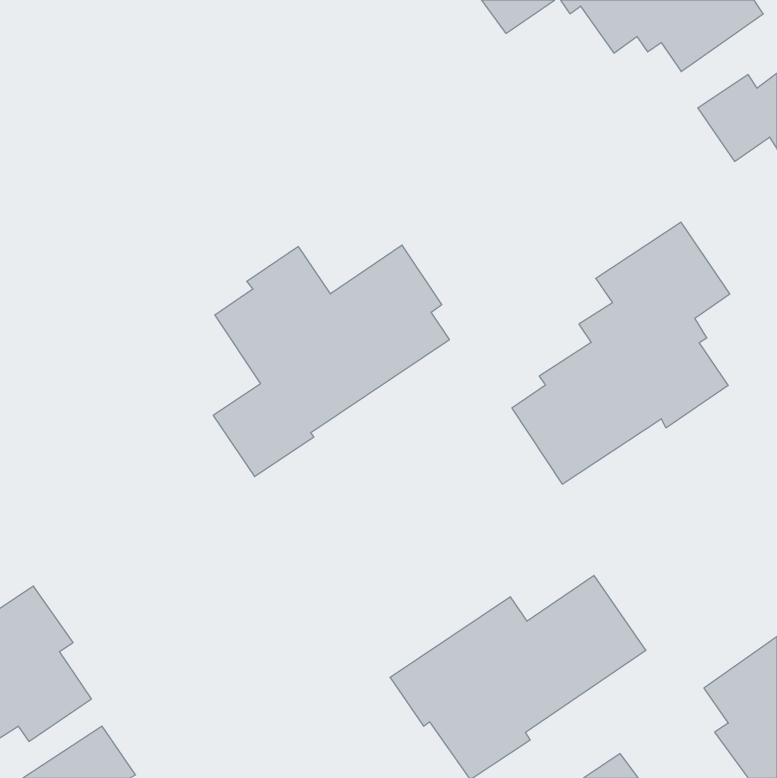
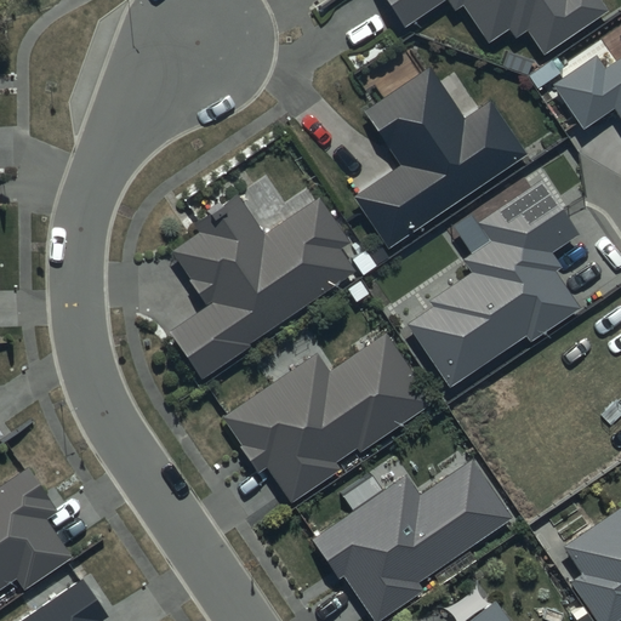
building: none -> [355,68,526,246]
building: none -> [222,335,434,502]

